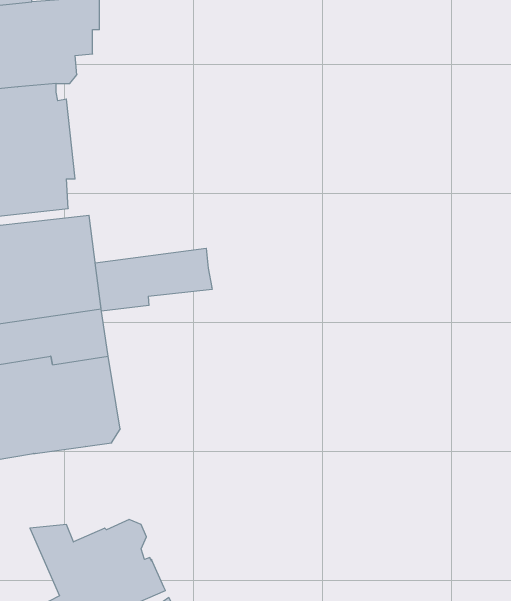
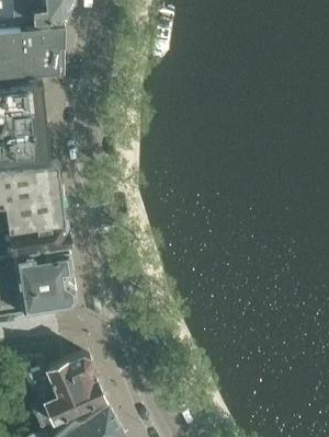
building: [95,248,212,311] -> none

